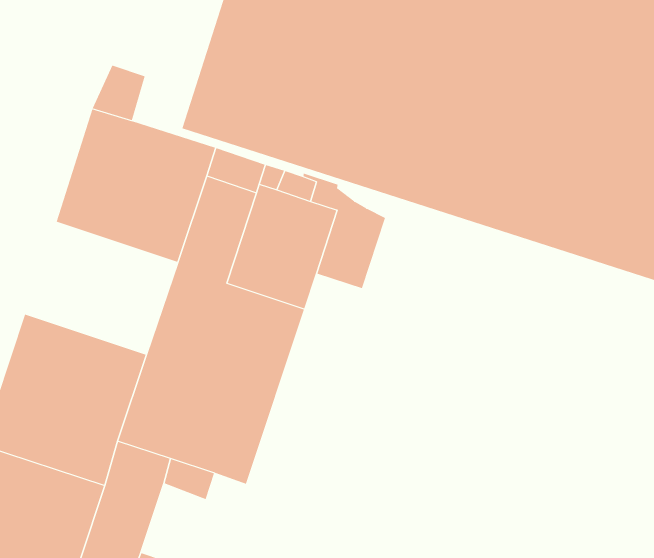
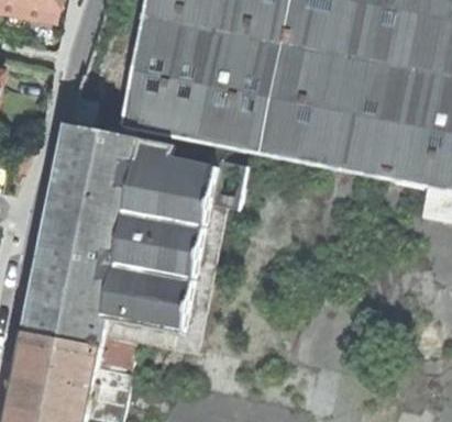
building: none -> [37,197,125,269]

